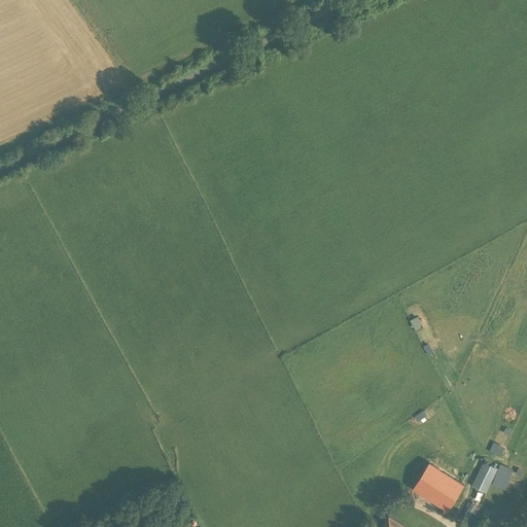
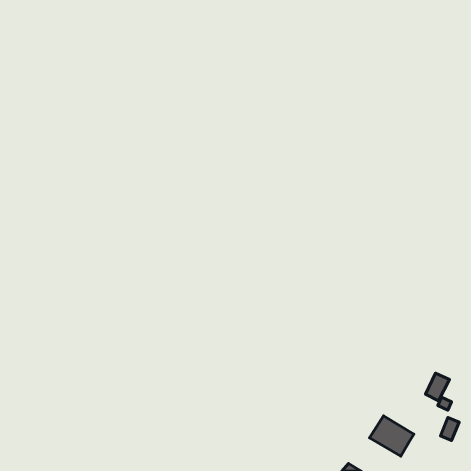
building: [471,463,498,494] -> [425,373,449,401]

